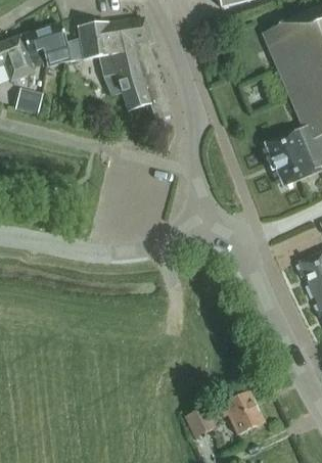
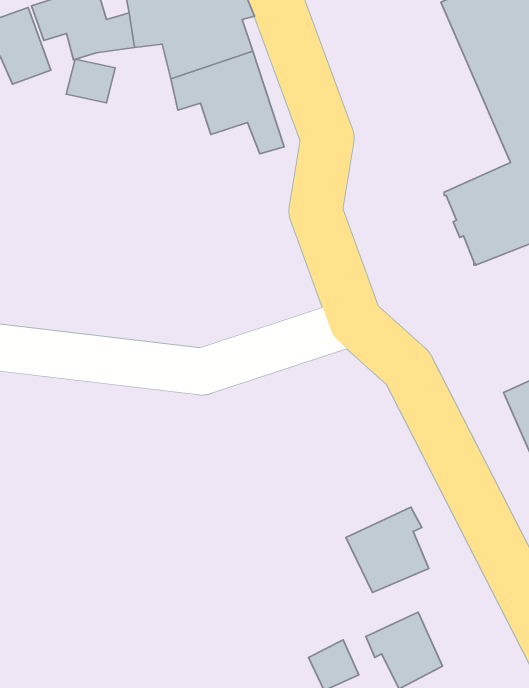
building: [13,88,42,113] -> [66,59,115,103]
building: none -> [346,507,429,592]

